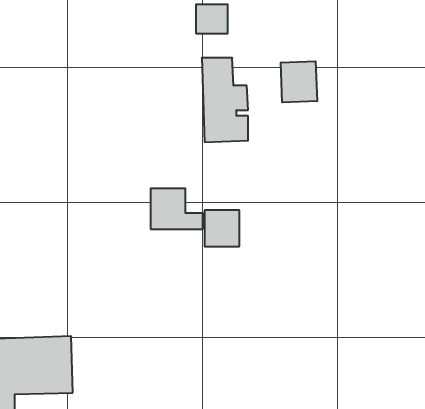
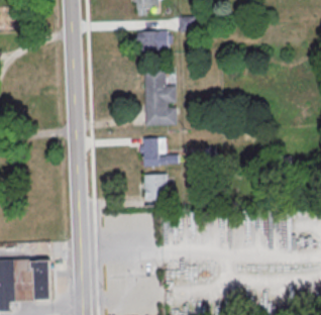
building: [281,61,317,102] -> none
building: [151,189,203,229] -> [142,136,179,165]

